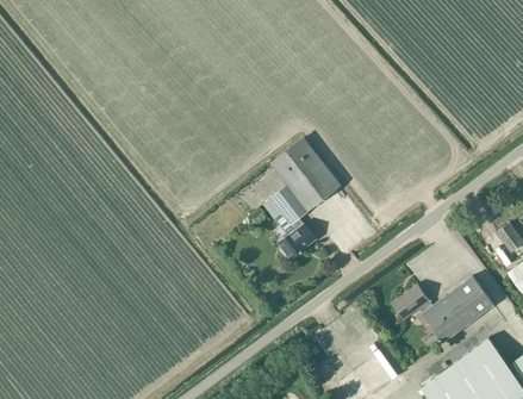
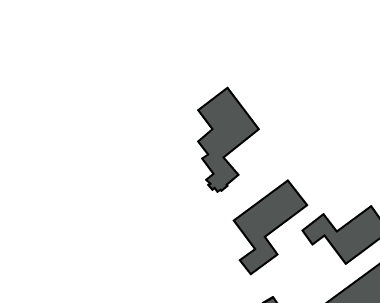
building: none -> [234,180,307,274]

